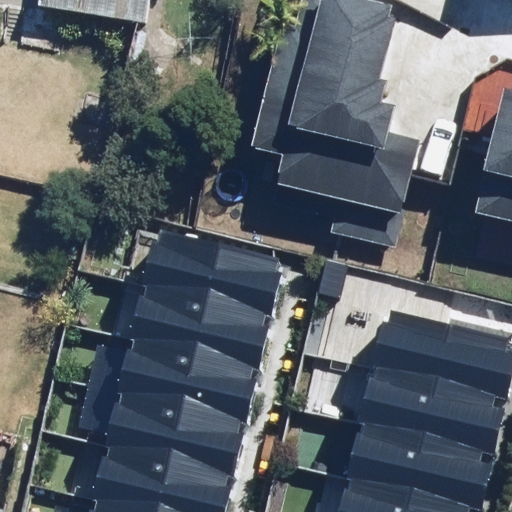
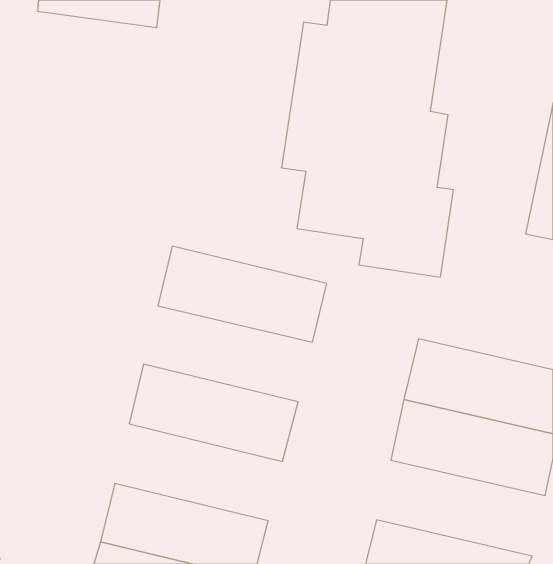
building: [130,277,283,364] -> none
building: [104,384,256,472] -> none
building: [341,417,494,504] -> none

